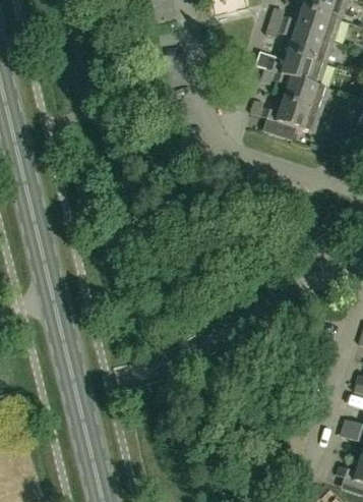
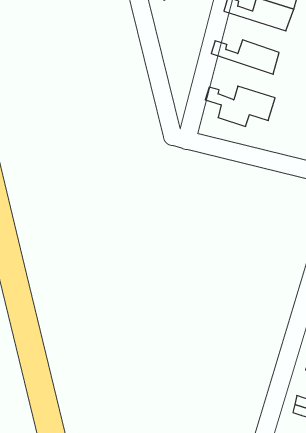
building: [264,19,332,62] -> none
building: [255,63,328,109] -> none

